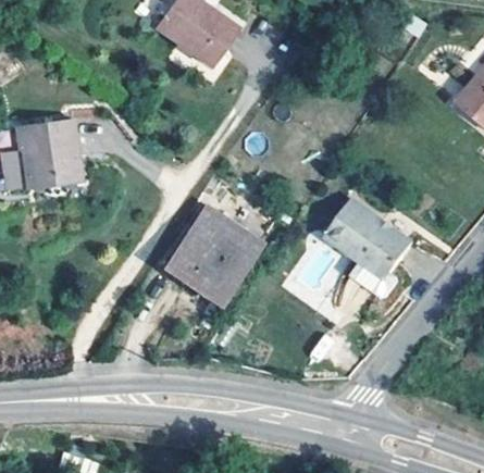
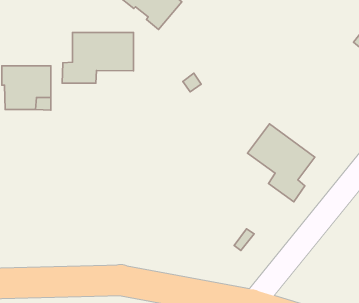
building: none -> [62,33,133,83]
building: [162,204,256,299] -> none

